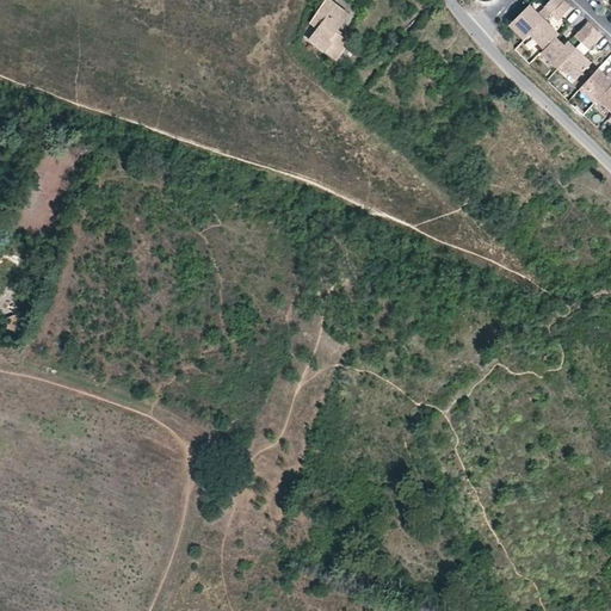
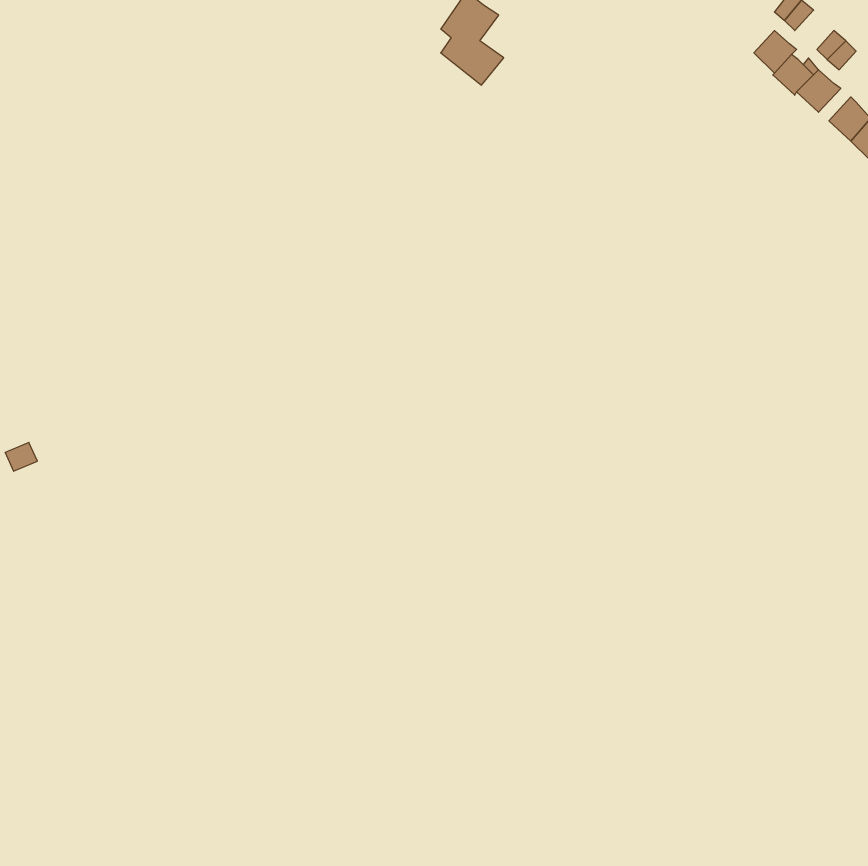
building: [512,6,544,39] -> none

